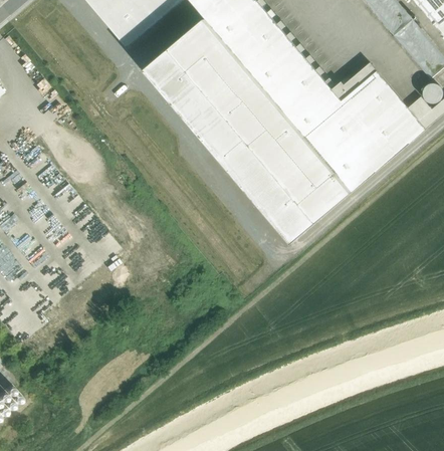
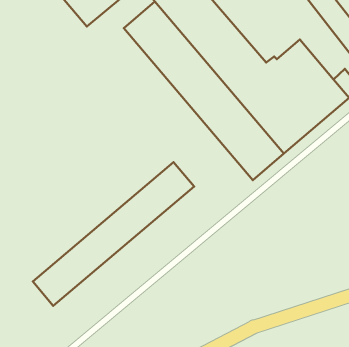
building: [144,50,315,243] -> none
building: none -> [33,162,194,306]

